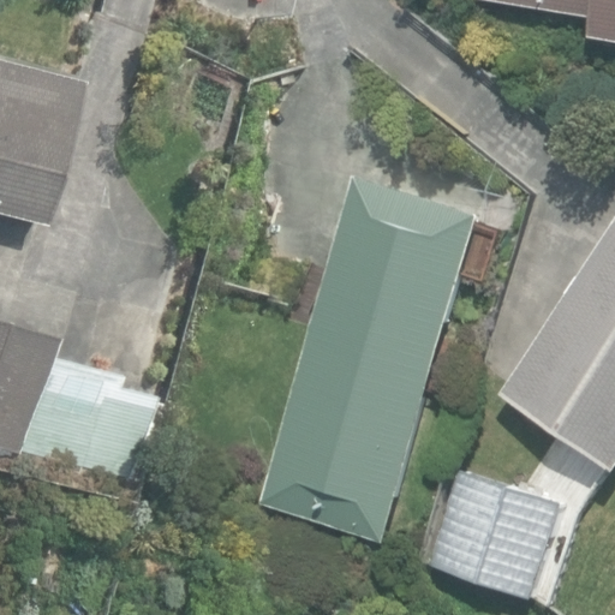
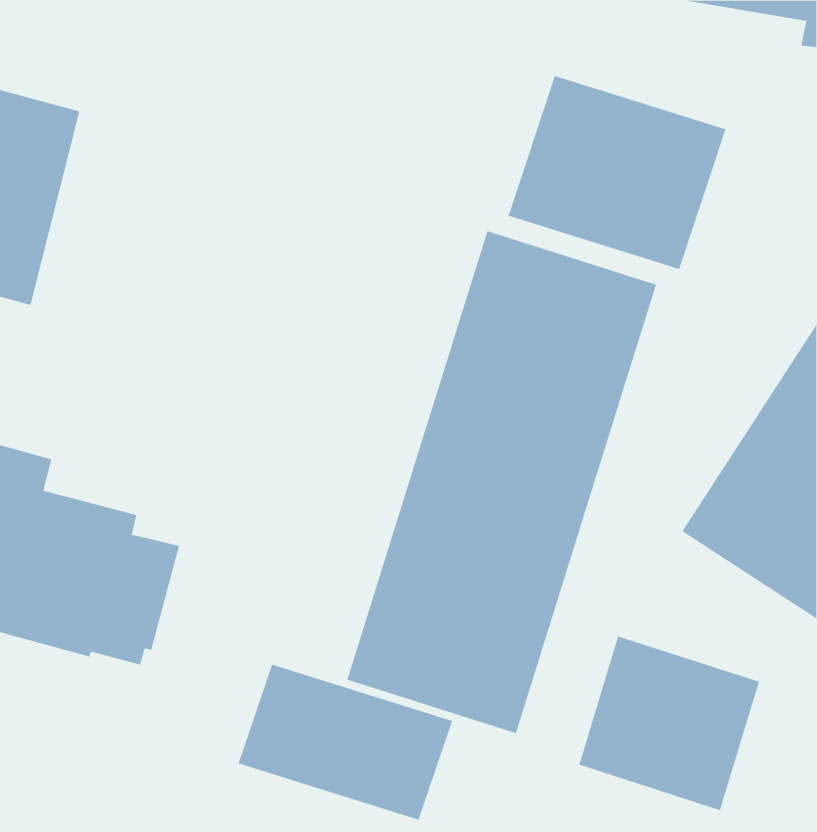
building: none -> [508,75,726,270]
building: none -> [238,664,453,821]

